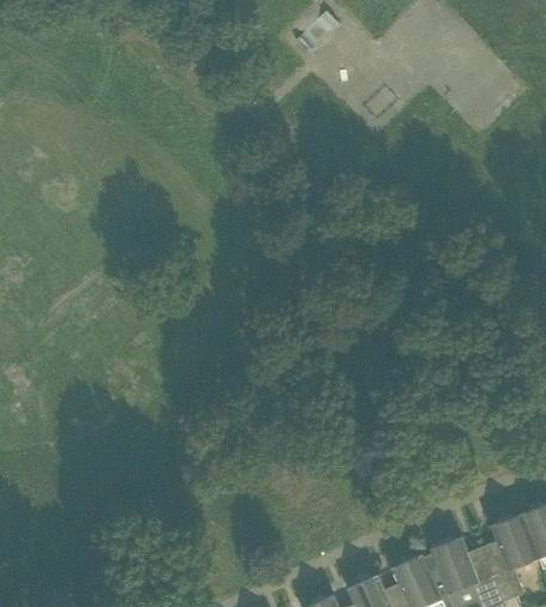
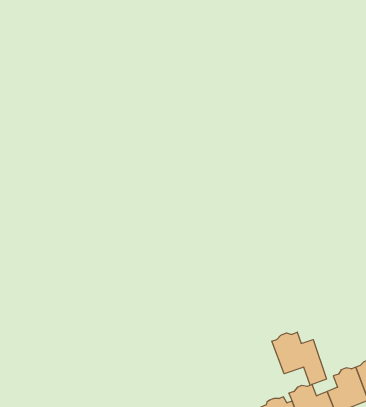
building: none -> [272,332,326,385]

